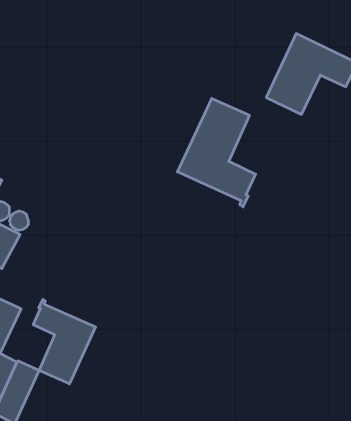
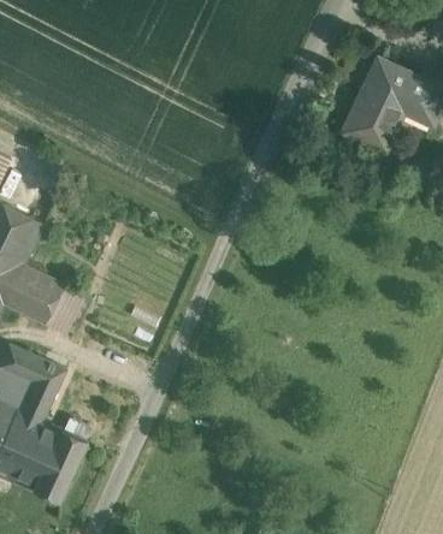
building: [177,98,256,207] -> none
building: [33,299,96,384] -> none

